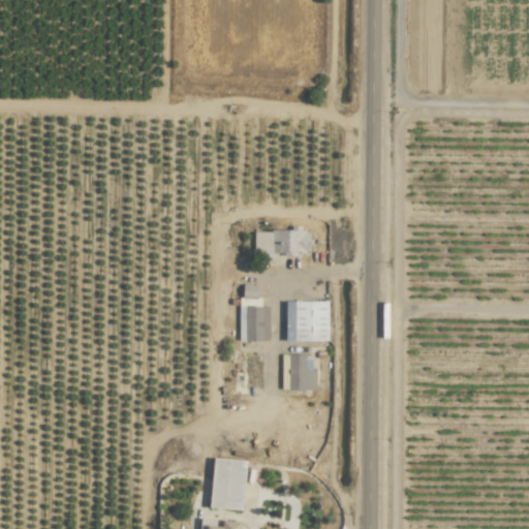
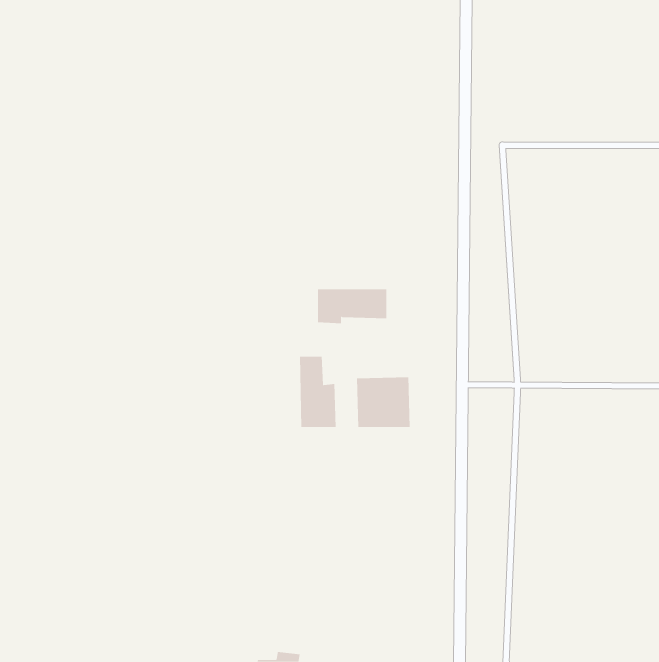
building: [282,354,317,391] -> none
building: [211,458,248,510] -> none

